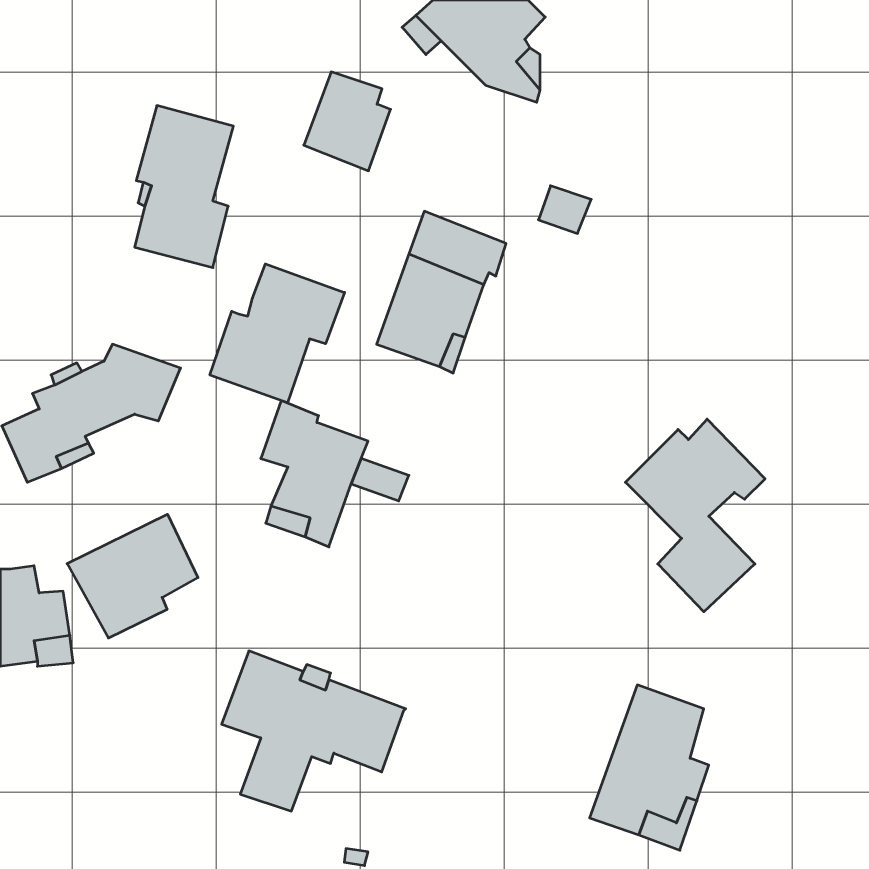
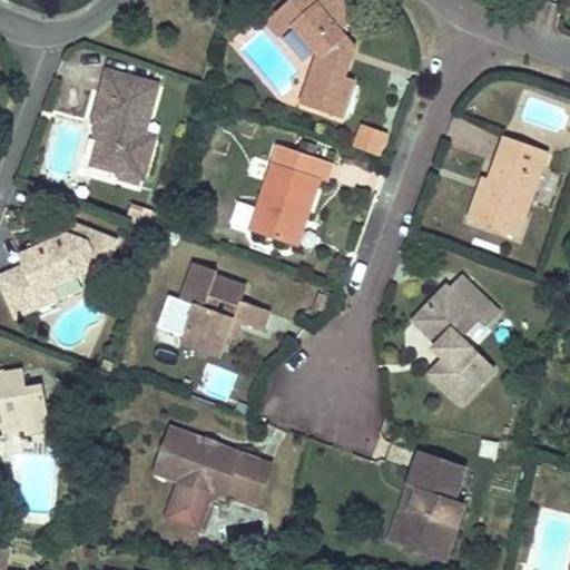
building: [304,72,391,171] -> [301,57,357,121]
building: none -> [470,138,548,235]
building: [210,264,345,403] -> none
building: [67,514,198,638] -> none

